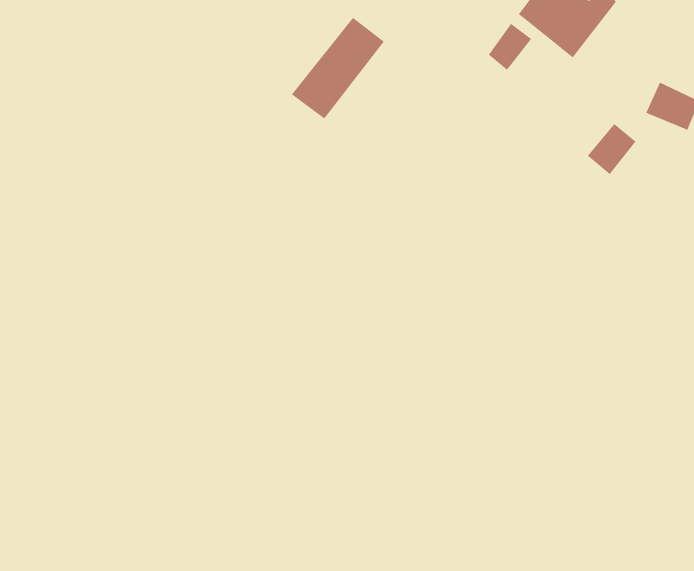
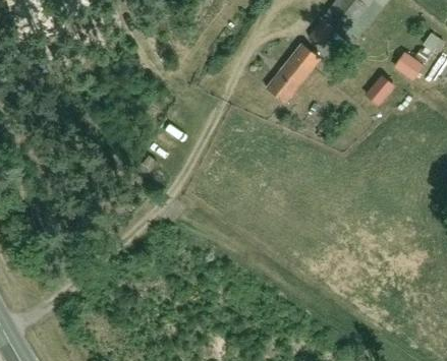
building: [291,17,385,119] -> [266,43,320,102]

